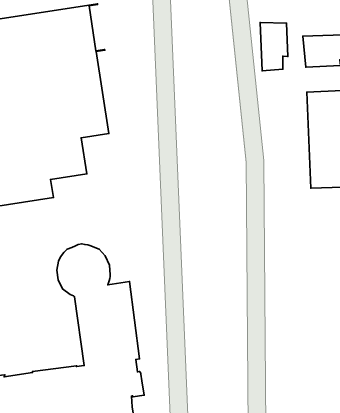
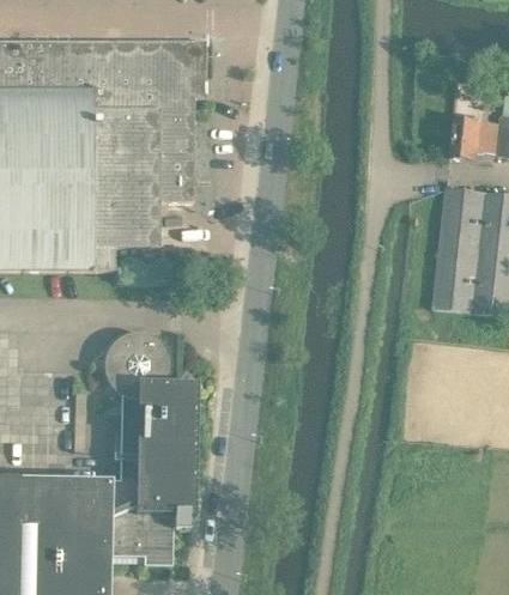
building: [260,23,288,71] -> none

